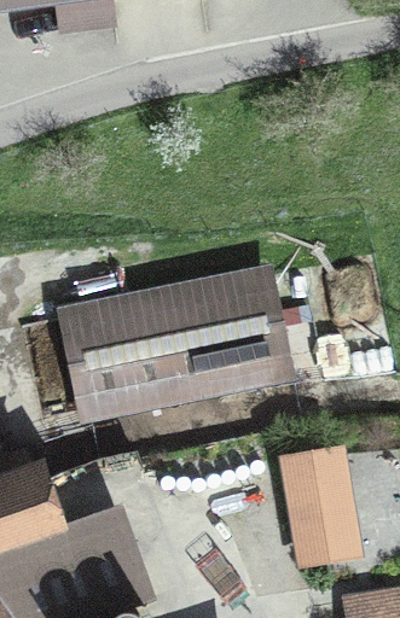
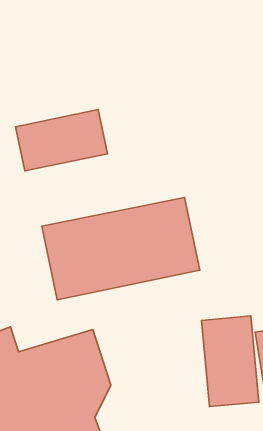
building: none -> [15,110,107,171]

